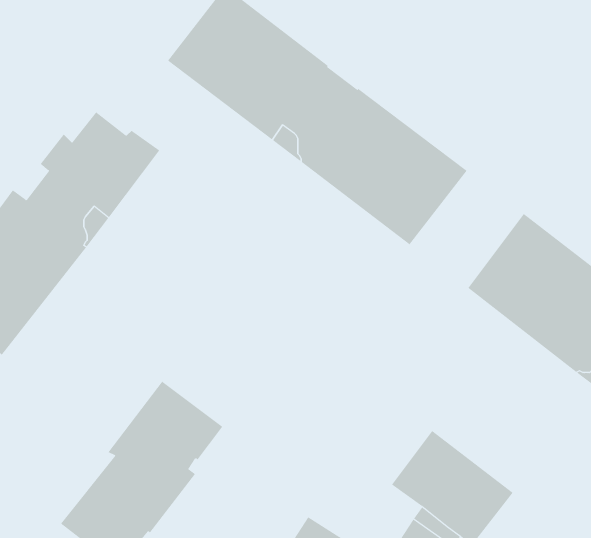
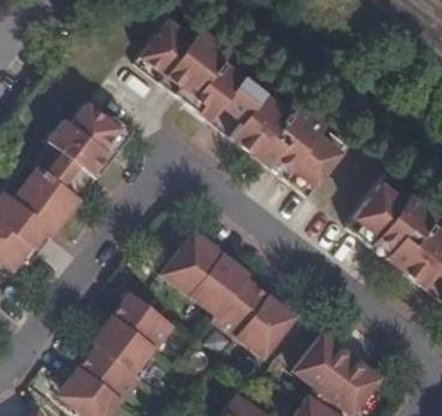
building: none -> [160,232,295,357]

